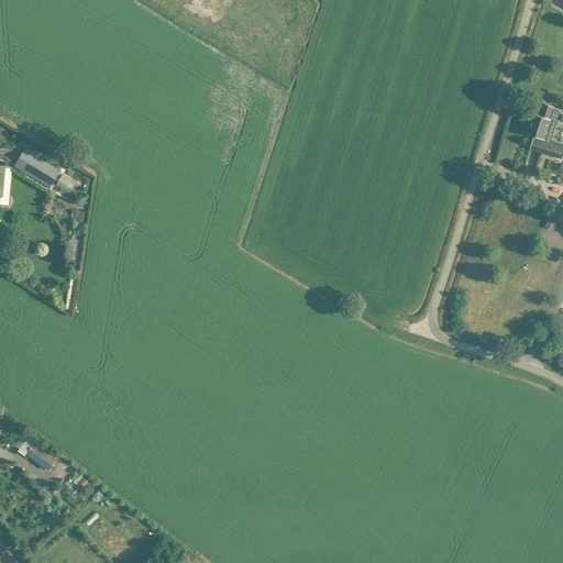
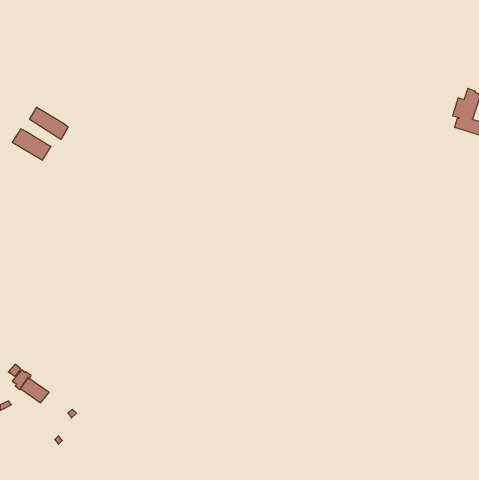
building: none -> [30,107,68,139]

